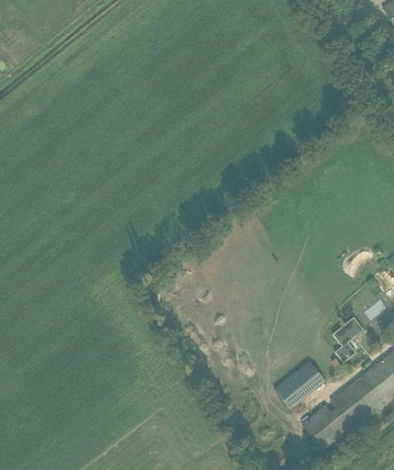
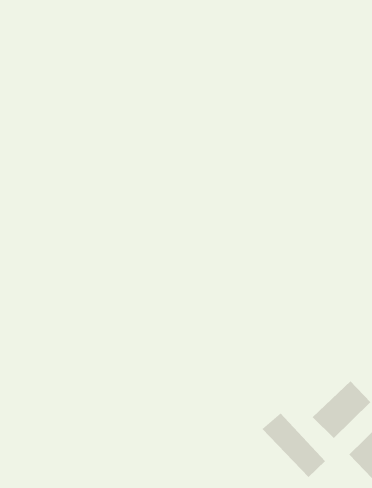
building: none -> [262,412,326,478]

